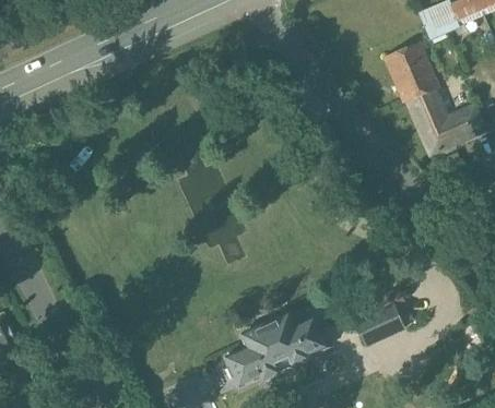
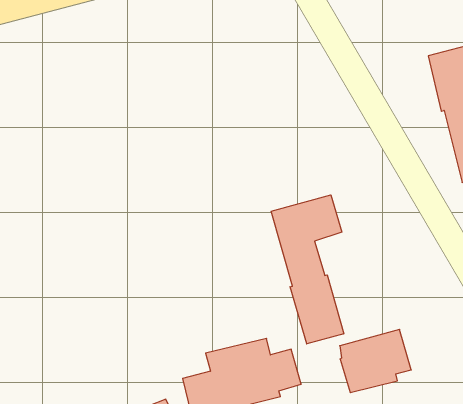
building: none -> [271,195,344,344]

